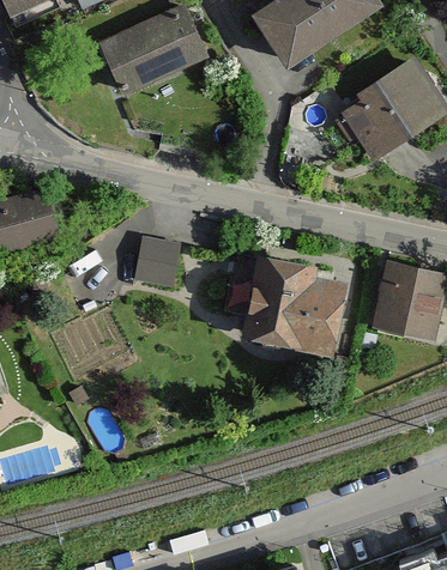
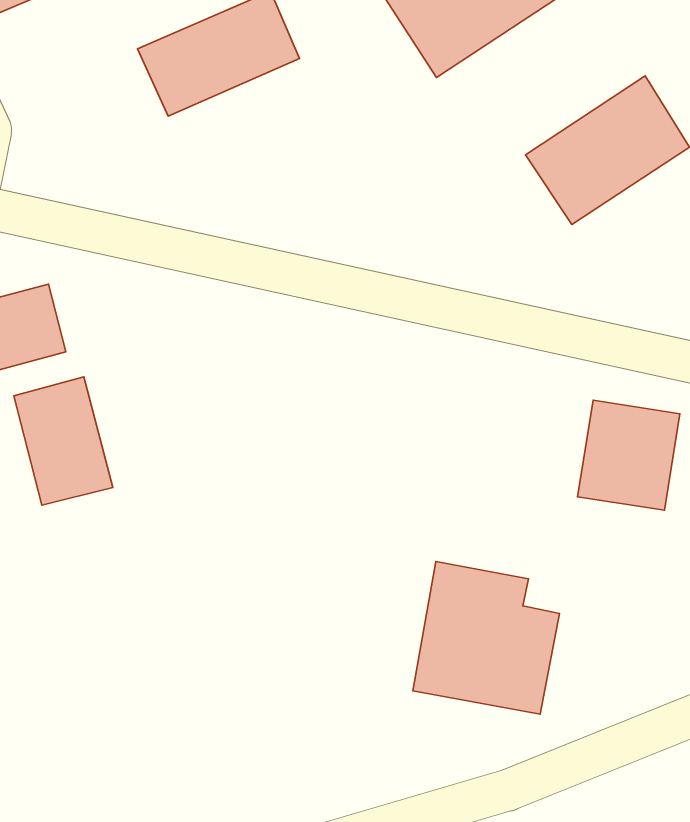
building: [133,232,179,285] -> none
building: none -> [14,377,113,505]
building: [243,254,334,348] -> [413,562,560,714]

